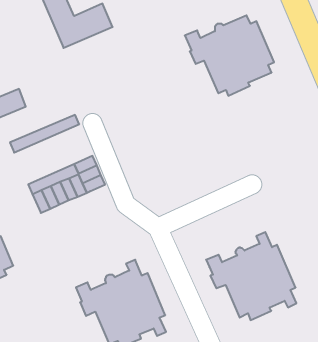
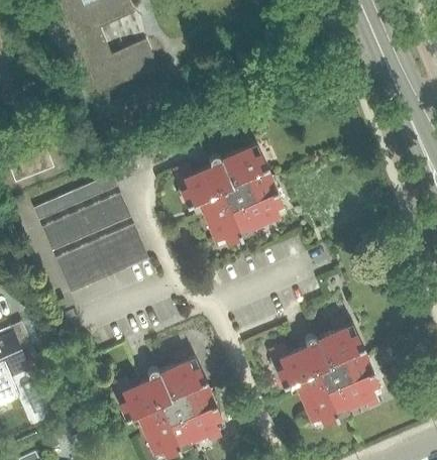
building: [185,15,274,96] -> [175,146,283,243]
building: none -> [42,196,130,253]

